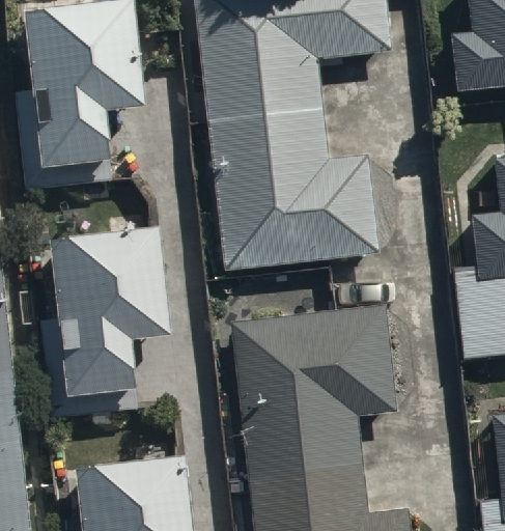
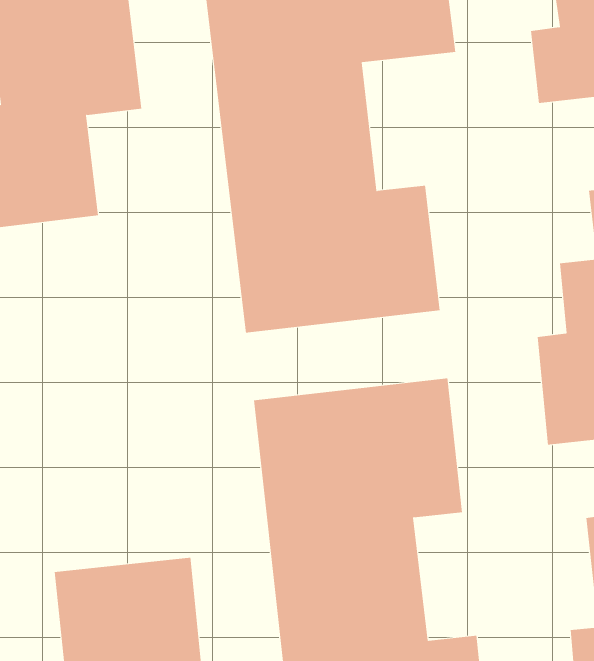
building: [41,217,170,419] -> none

